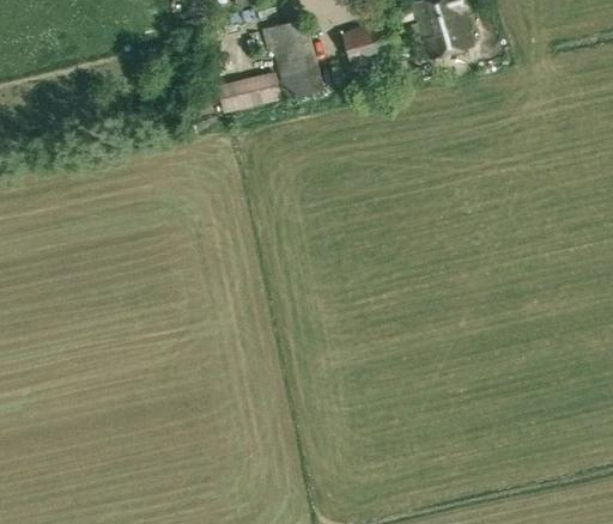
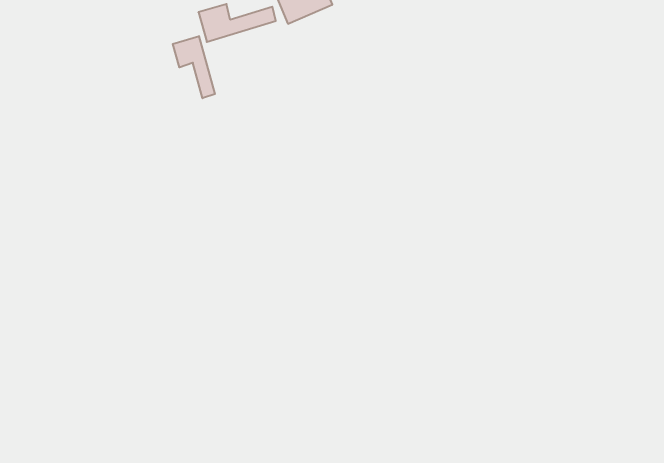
building: none -> [173,36,215,98]

